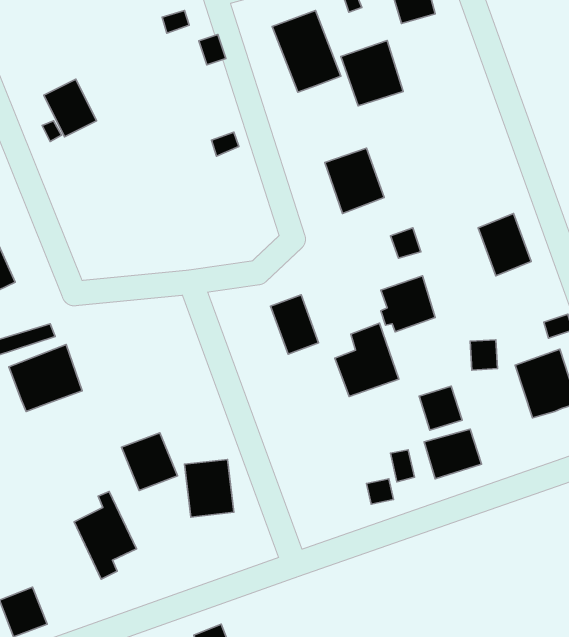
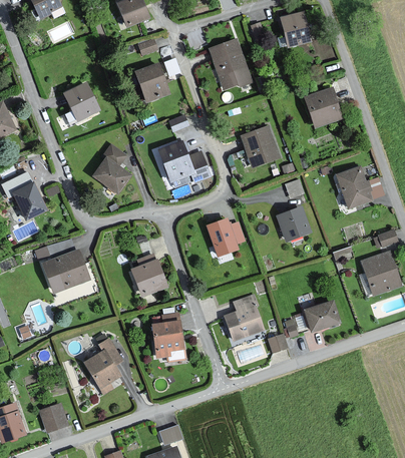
building: [341,40,403,106] -> [304,87,343,128]
building: none -> [135,62,170,101]
building: none -> [159,140,210,180]
building: none -> [93,143,130,192]
building: [335,323,399,397] -> [223,294,263,340]
building: [419,386,462,430] -> none
building: [122,433,177,490] -> [132,259,167,295]

